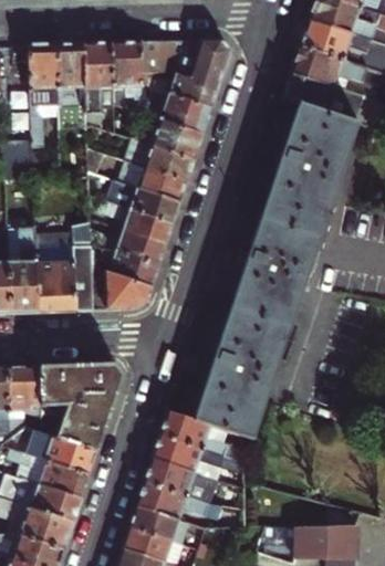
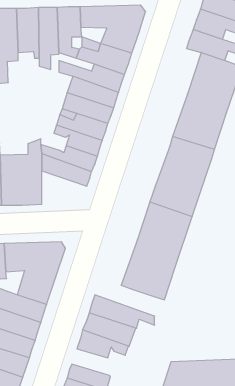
building: [89,266,149,312] -> none
building: [160,412,241,463] -> none
building: [129,507,187,544] -> none

